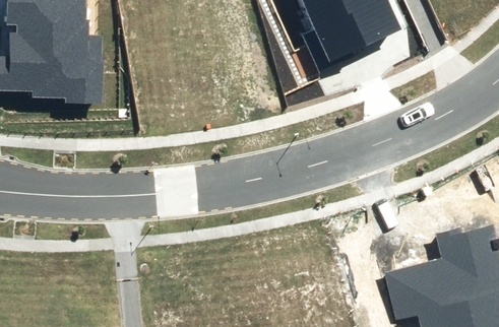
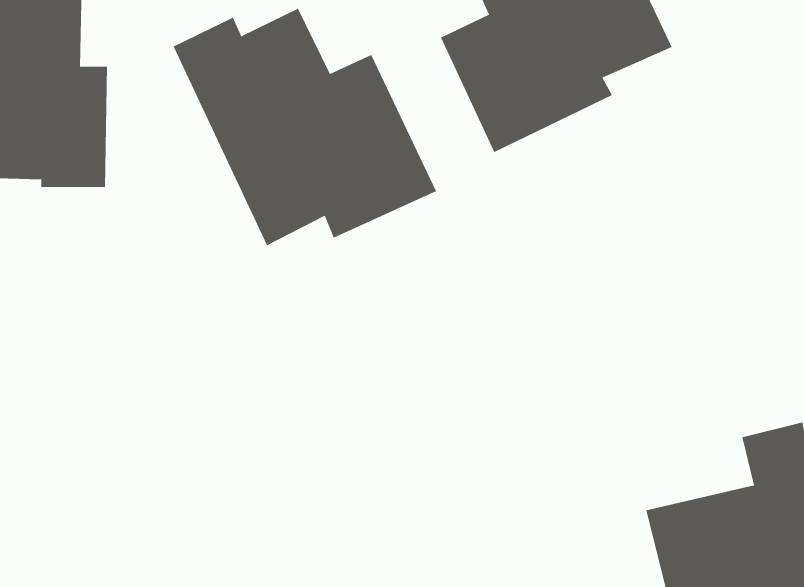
building: none -> [173,8,437,246]

